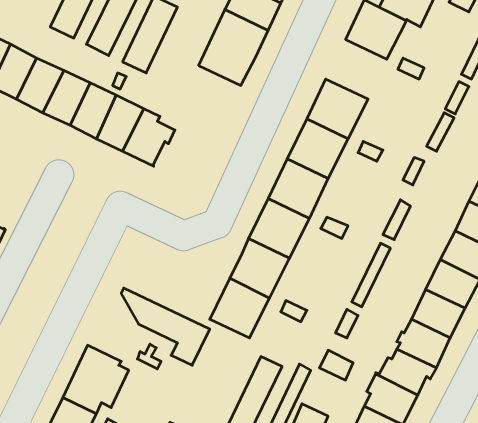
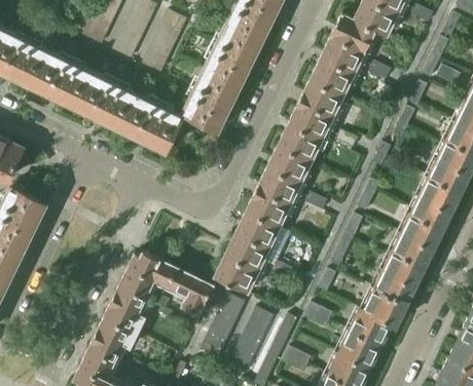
building: none -> [308,47,359,96]
building: none -> [182,69,239,132]
building: none -> [112,255,154,313]
building: none -> [199,296,244,359]

